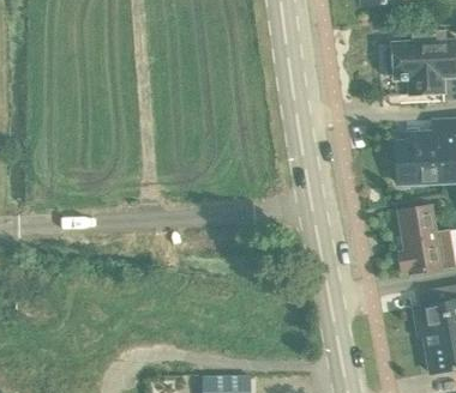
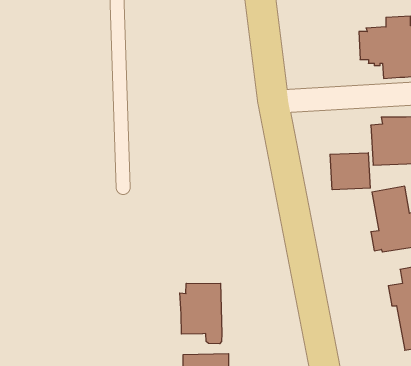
building: none -> [330,153,370,190]
building: none -> [180,283,222,344]

